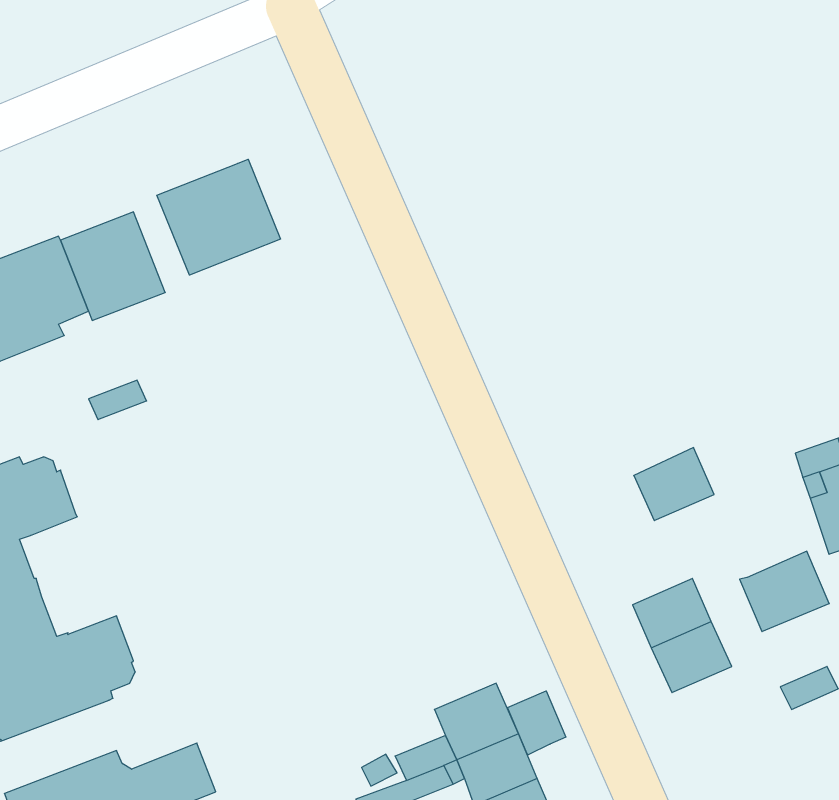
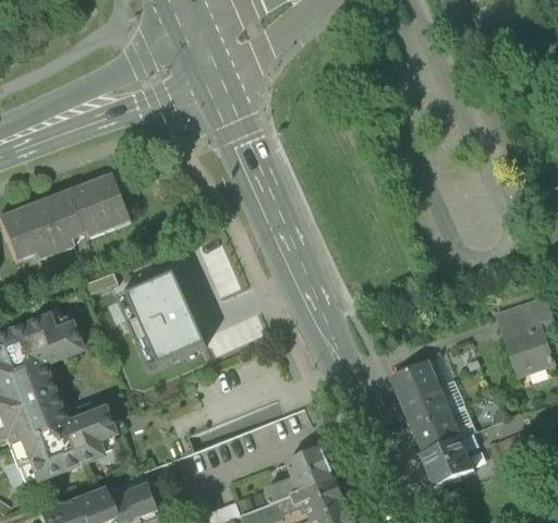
building: [157,159,281,275] -> none
building: none -> [117,272,206,370]
building: [634,448,714,521] -> [390,360,437,402]
building: [740,551,829,632] -> [421,438,473,485]
building: [507,691,566,755] -> none

